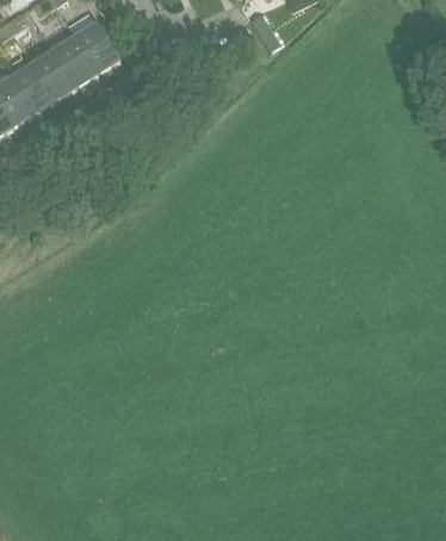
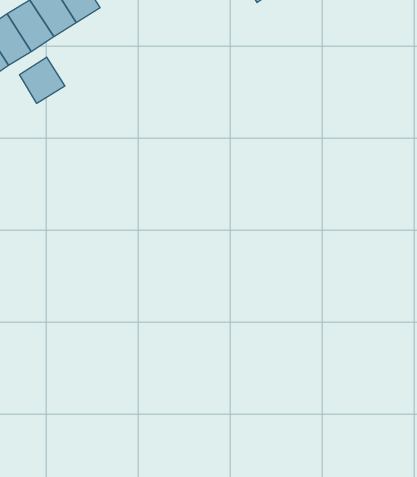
building: none -> [20,57,65,103]

